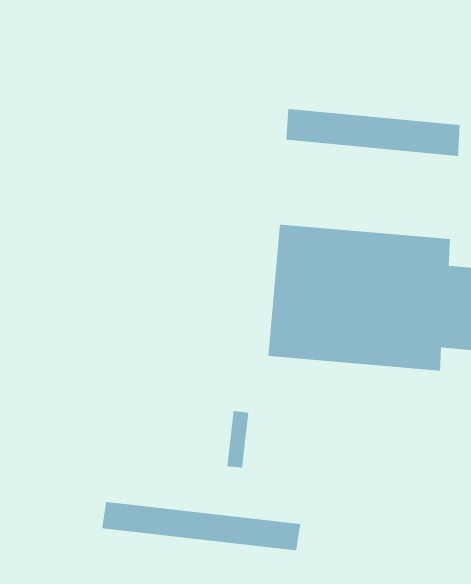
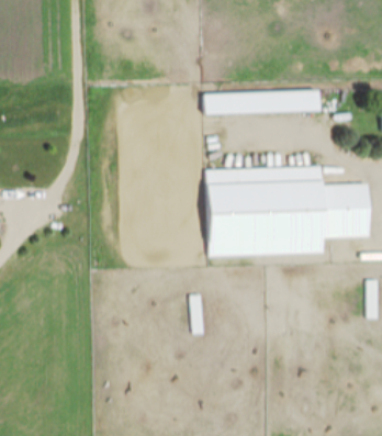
building: [101,501,301,551] -> none

